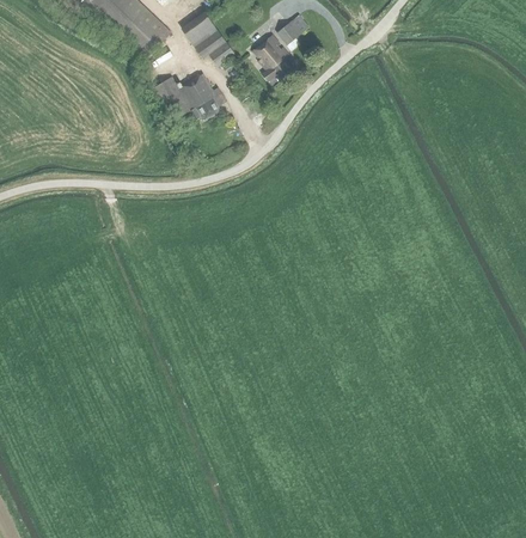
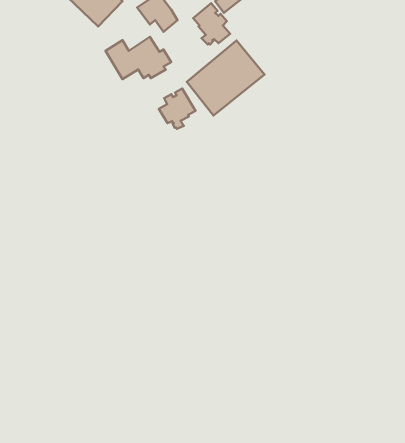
building: none -> [187,41,265,115]
building: none -> [159,89,196,129]

